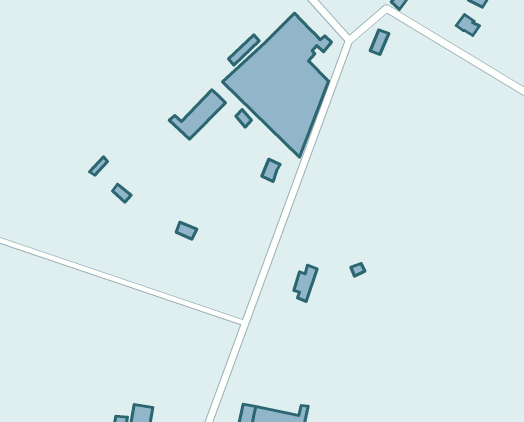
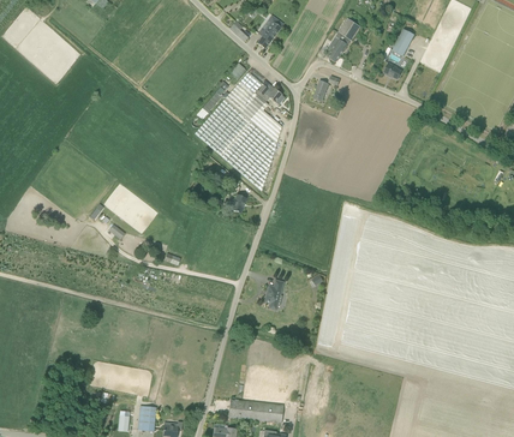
building: [169,90,226,139] -> none

